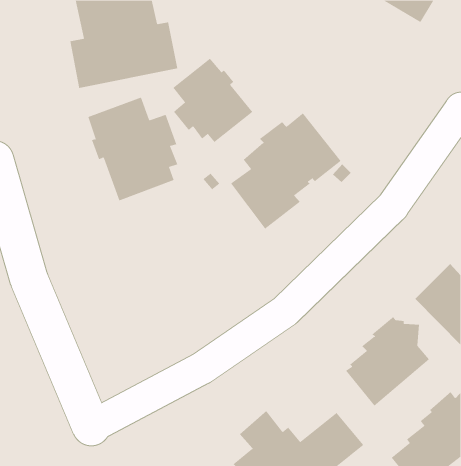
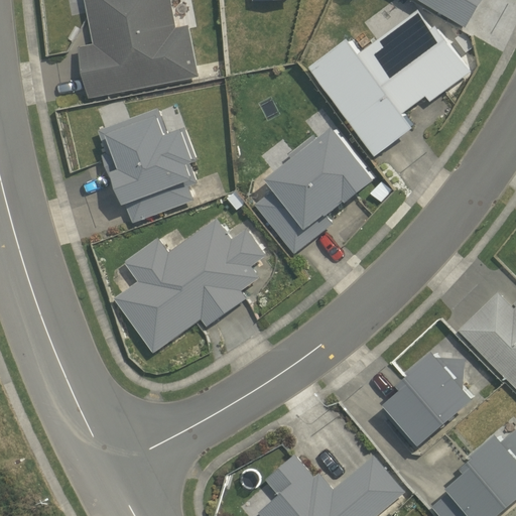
building: none -> [307,9,469,156]
building: [172,58,253,143] -> none
building: none -> [113,218,264,353]

